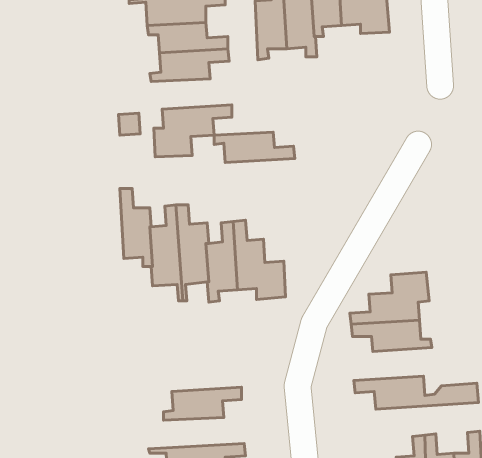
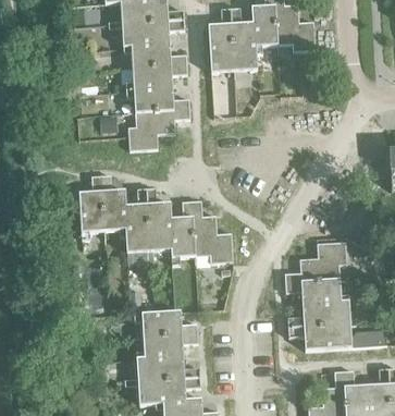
building: [214,132,295,162] -> [126,88,190,112]
building: none -> [79,175,104,241]
building: none -> [287,302,349,328]
building: none -> [134,311,198,337]
building: none -> [124,357,200,382]

